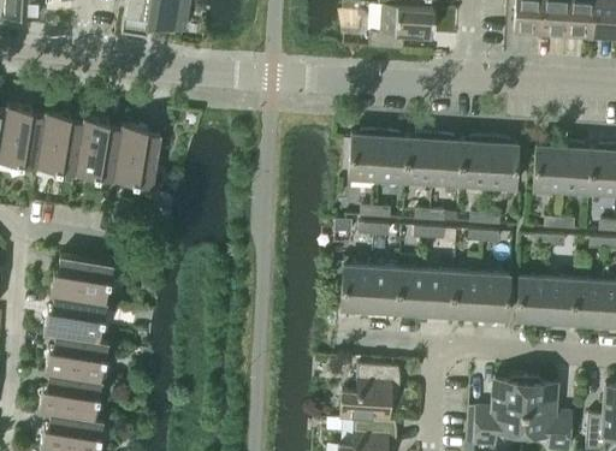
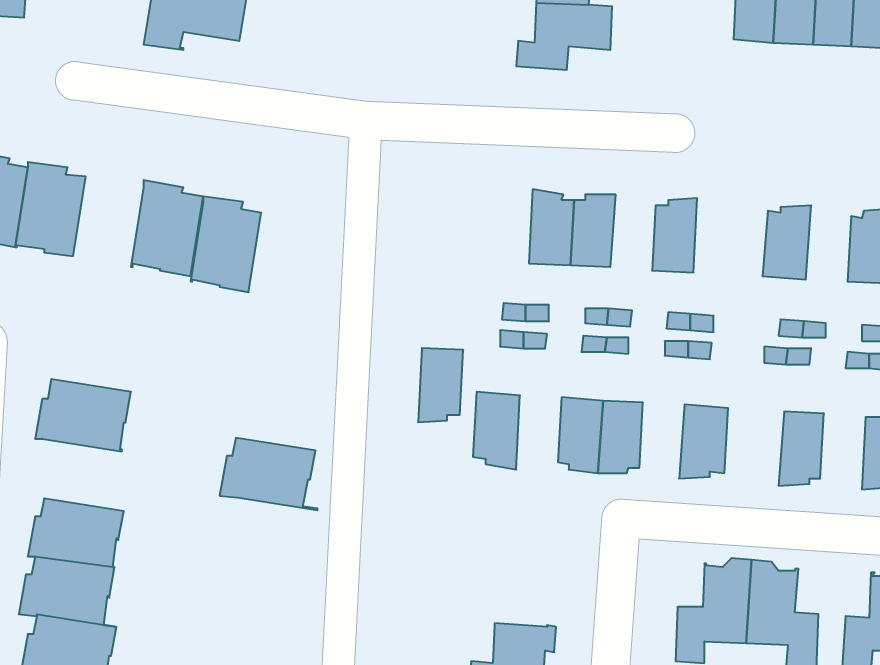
building: [75,119,122,183] -> [191,196,261,292]
building: [349,131,380,180] -> none
building: [432,135,462,185] -> none
building: [487,137,519,188] -> none
building: [562,142,592,192] -> none
building: [369,268,399,318] -> [418,348,463,422]
building: [451,273,481,324] -> none
building: [516,277,547,328] -> none
building: [571,280,602,331] -> none
building: [43,297,108,345] -> [220,438,317,510]
building: [340,366,399,422] -> none

